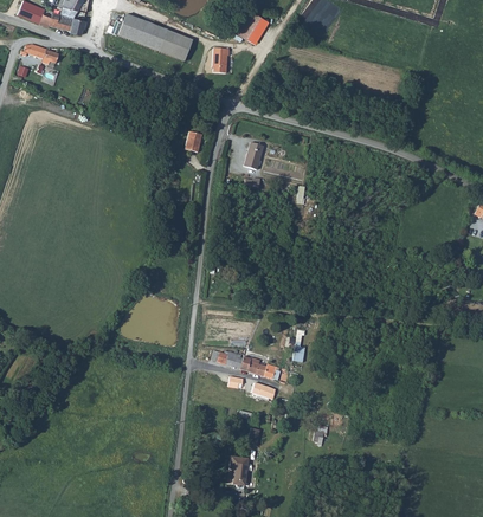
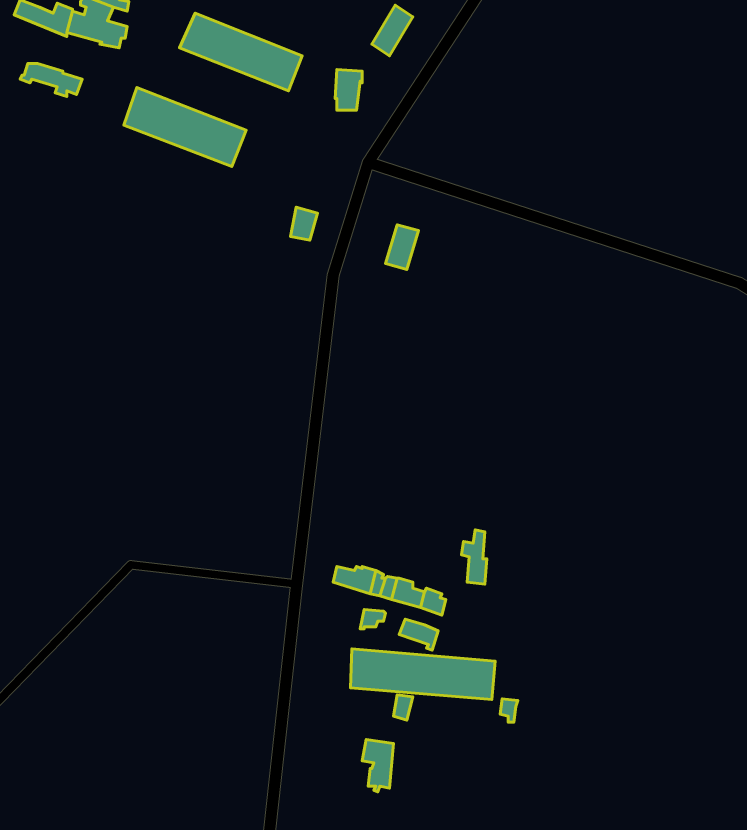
building: none -> [124,87,246,167]
building: none -> [350,649,495,699]

